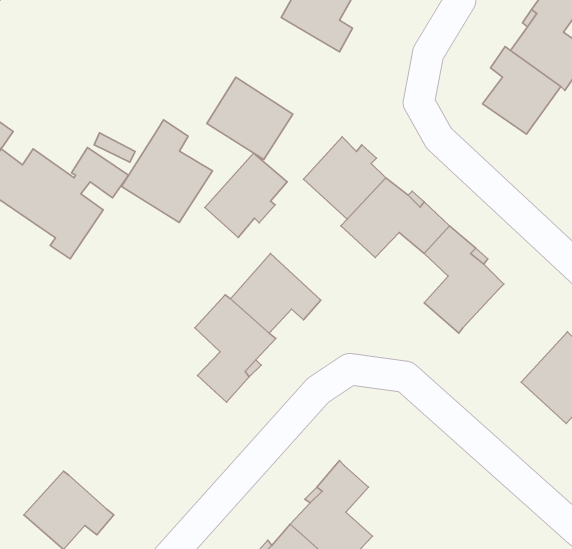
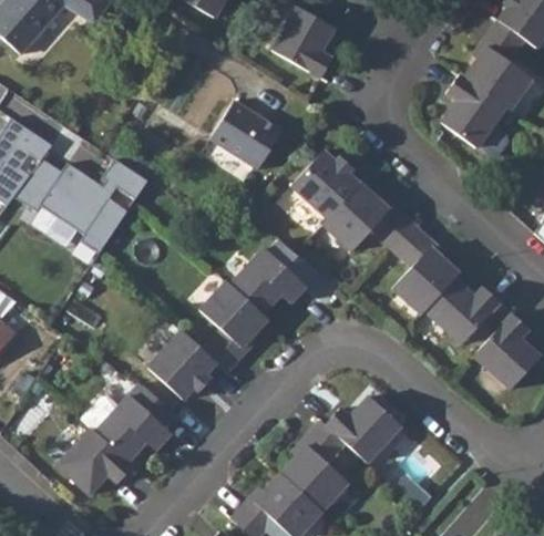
building: [121,120,212,223] -> none
building: [205,153,287,238] -> none
building: none -> [424,278,500,344]
building: none -> [148,331,217,400]
building: none -> [81,383,174,462]
building: none -> [326,398,401,464]

